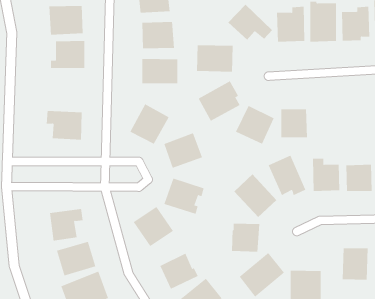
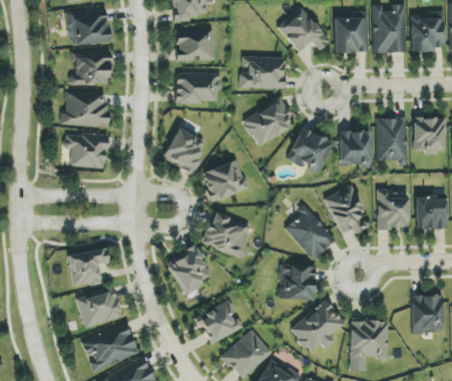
building: none -> [60,92,106,126]
building: none -> [375,117,407,165]
building: none -> [413,118,445,152]

